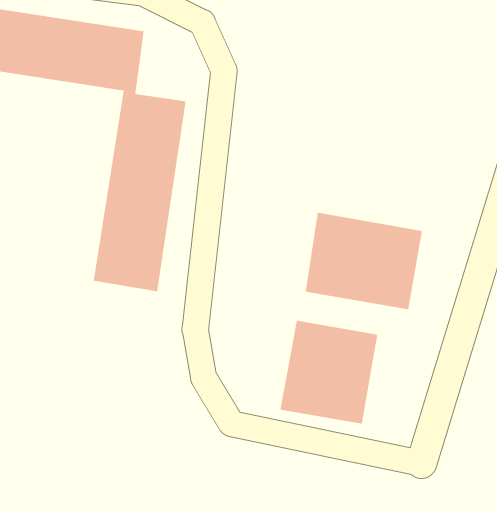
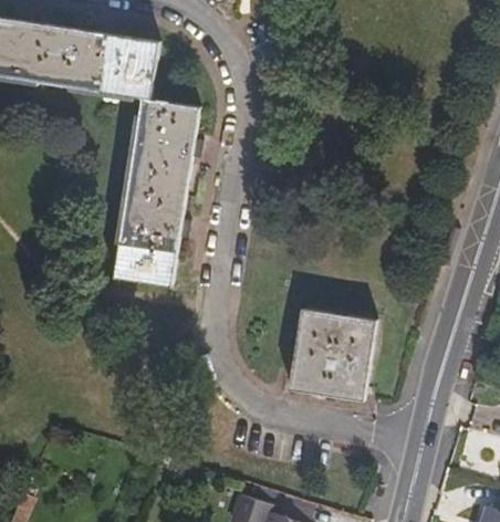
building: [305,212,423,310] -> none

